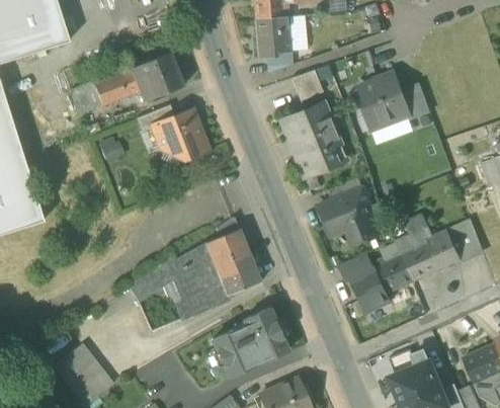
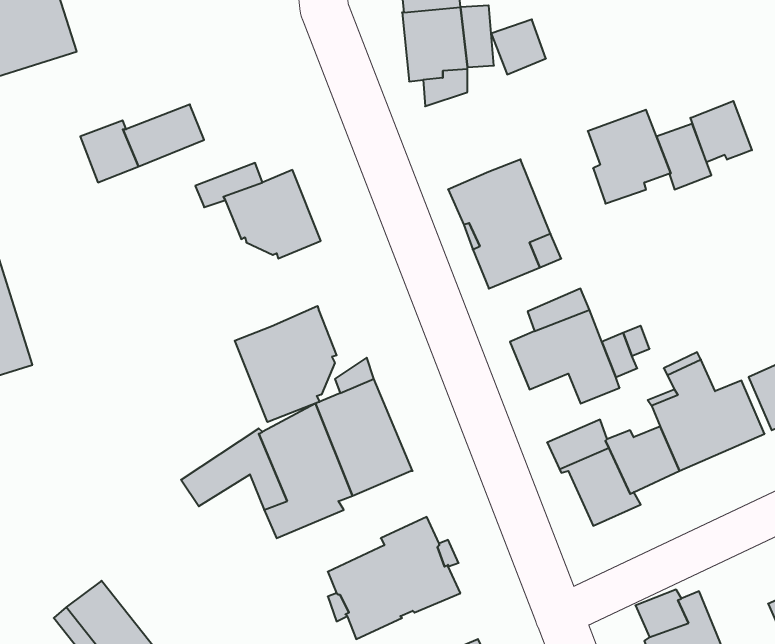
building: [132,54,183,102] -> none
building: none -> [690,101,752,162]
building: [290,70,322,101] -> [491,19,546,74]
building: none -> [235,306,337,422]

